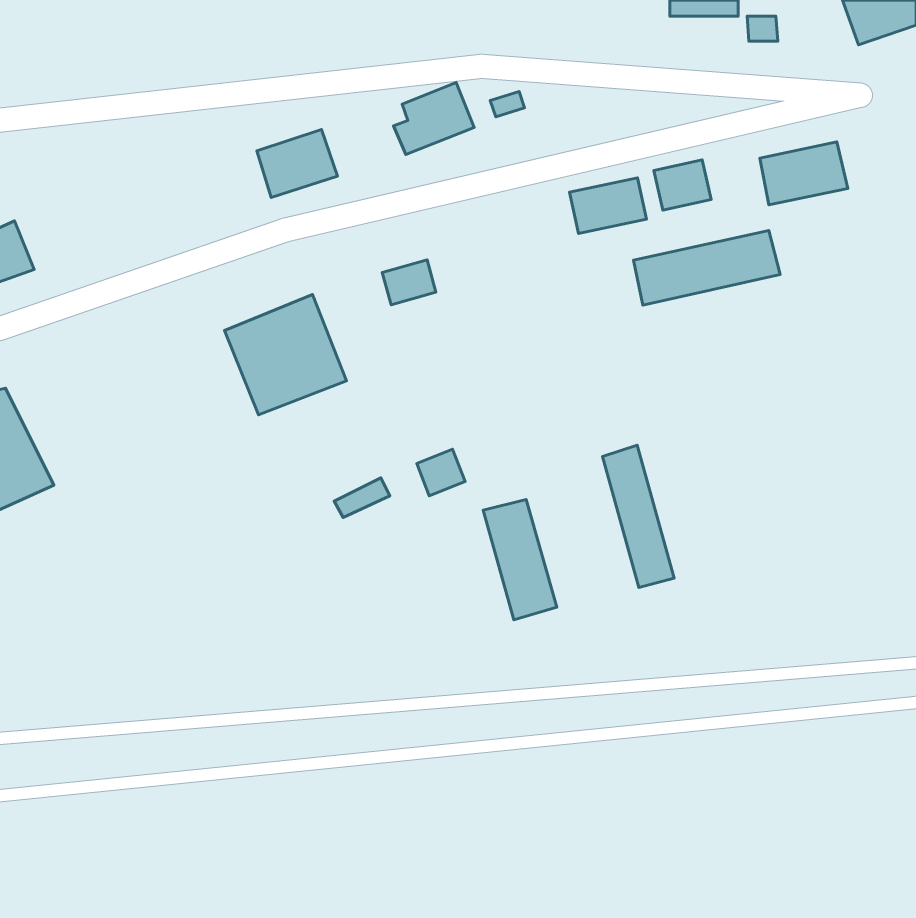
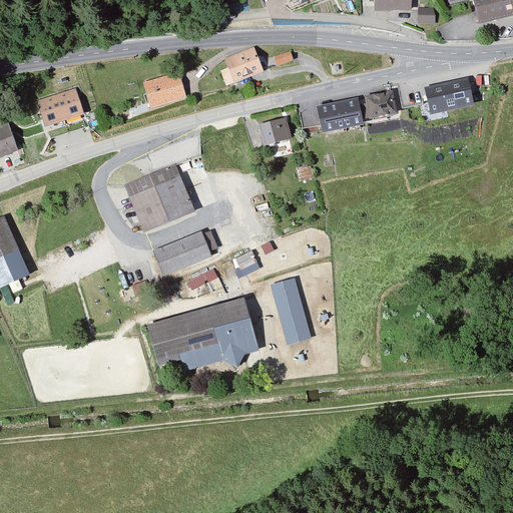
building: none -> [36,87,83,126]
building: [634,230,780,305] -> none
building: [382,260,436,305] -> [260,119,290,144]
building: none -> [154,232,210,277]
building: [603,445,674,587] -> none
building: none -> [151,299,256,372]

